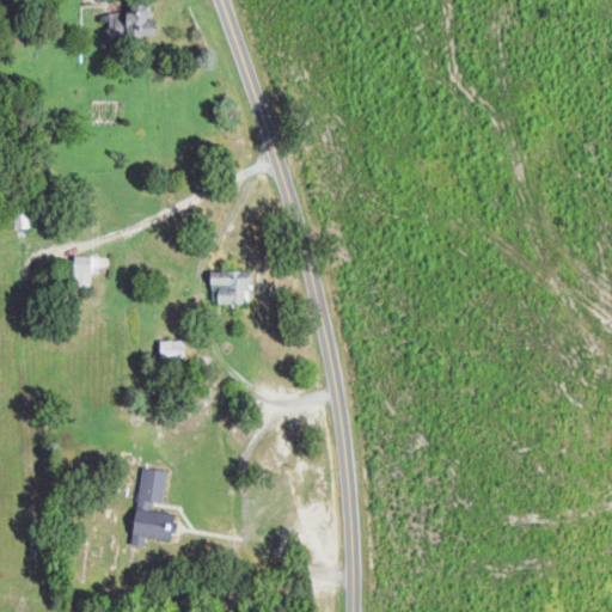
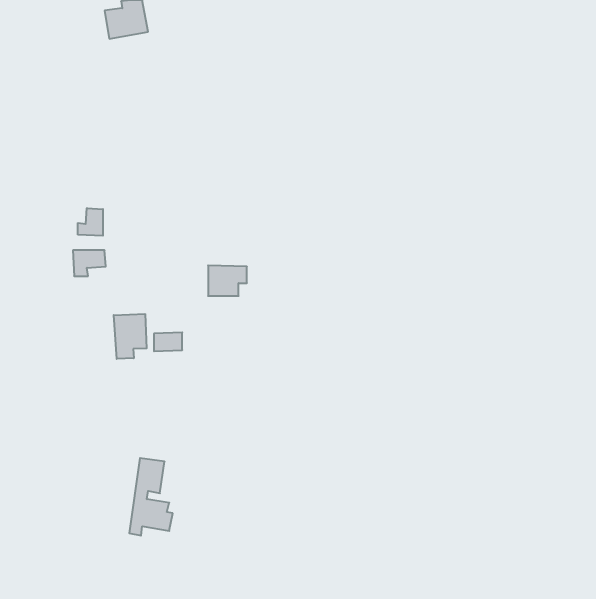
building: none -> [78,208,103,236]
building: none -> [114,314,147,359]

